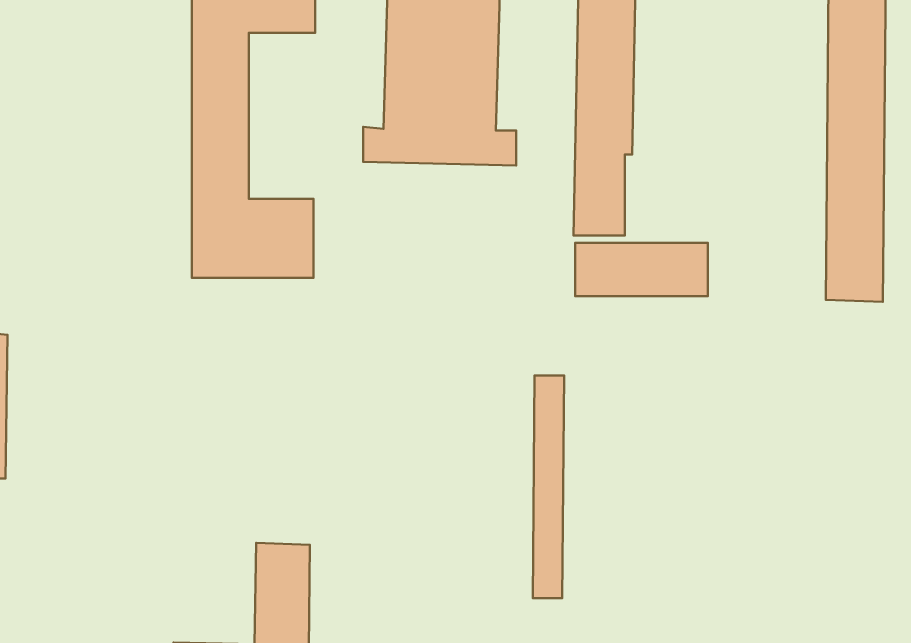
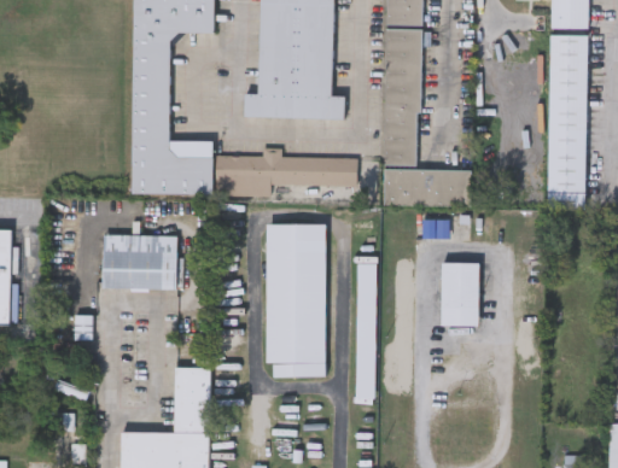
building: none -> [215,147,357,197]
building: none -> [267,224,325,376]
building: none -> [103,235,176,289]
building: none -> [442,261,479,324]

